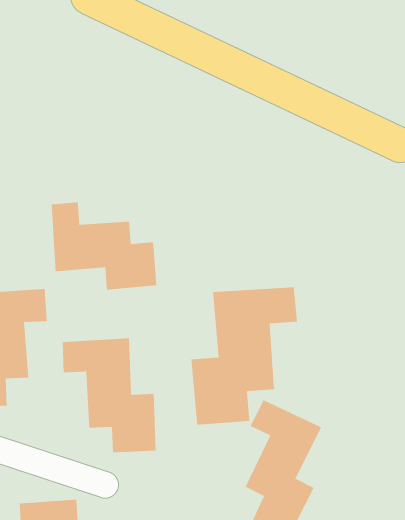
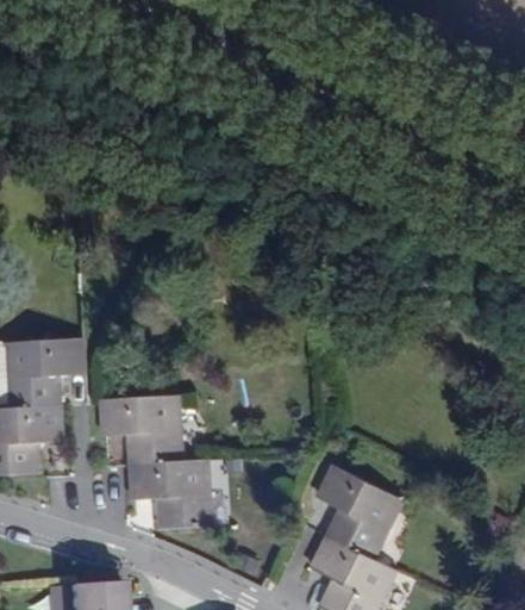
building: [51,201,157,290] -> none
building: [191,286,297,426] -> none

